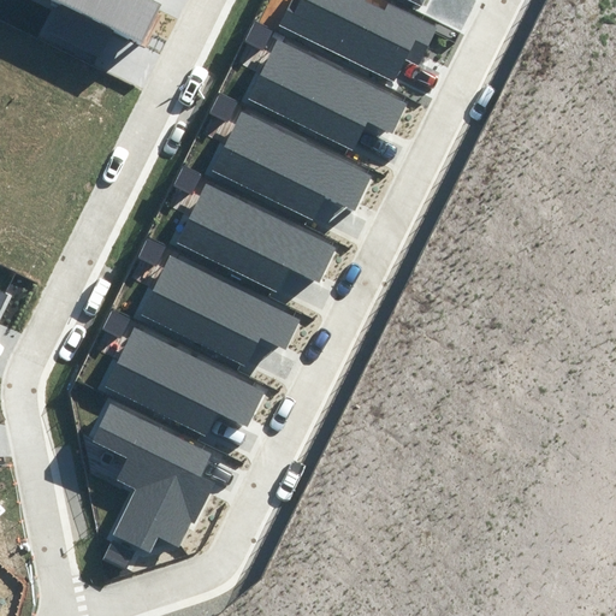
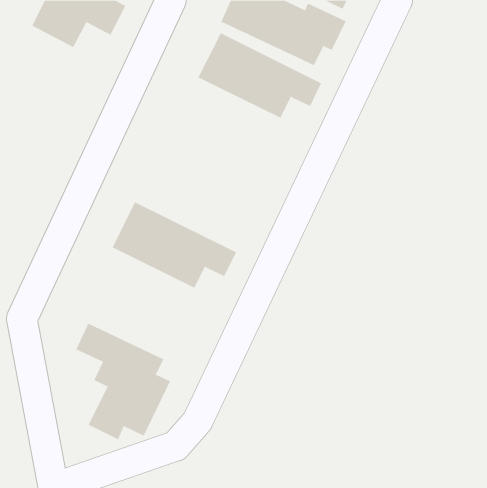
building: [209,111,367,220] -> none
building: [178,184,336,294] -> none
building: [102,327,260,437] -> none

